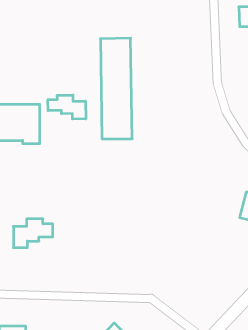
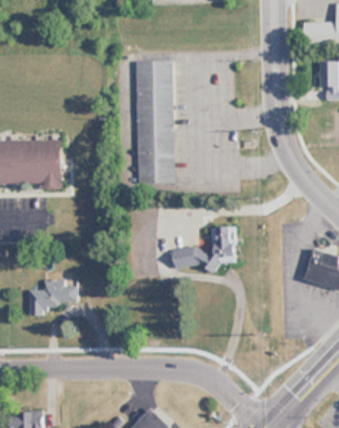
building: [48,95,86,119] -> none
building: none -> [172,224,237,269]

